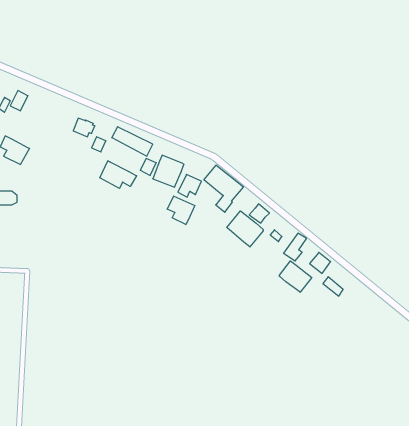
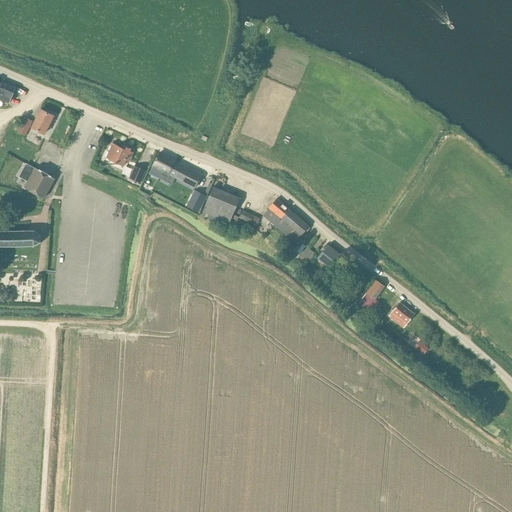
building: [100,161,137,188] -> none
building: [167,196,195,225] -> none
building: [227,211,263,247] -> none
building: [279,261,312,292] -> none

